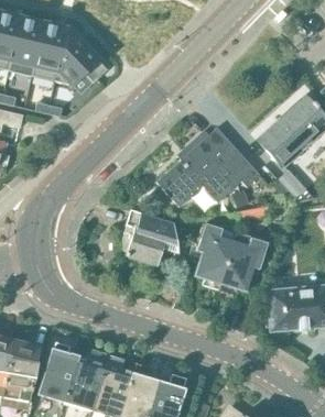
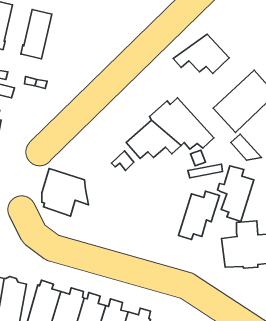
building: [12,18,45,66] -> none
building: [56,29,108,86] -> none
building: none -> [173,34,229,73]
building: [123,210,178,266] -> [42,169,88,216]
building: [191,224,234,290] -> [218,166,254,222]

